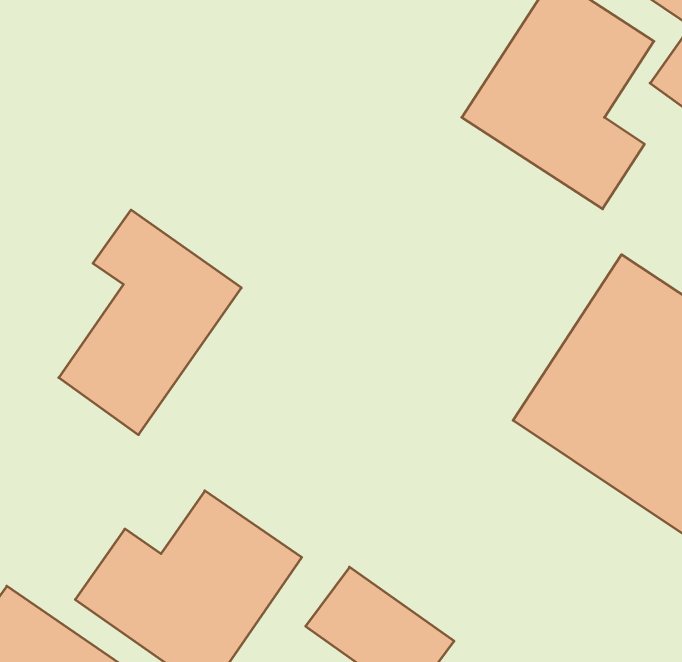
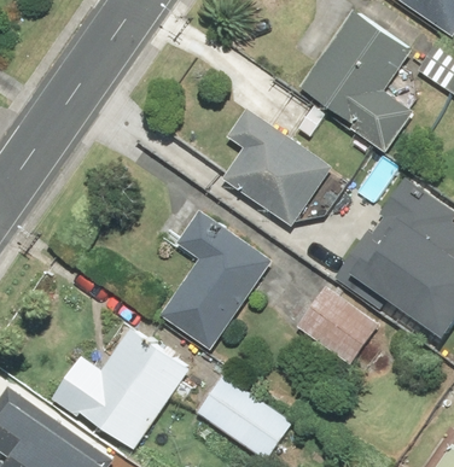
building: none -> [223,110,332,227]
building: [59,210,241,435] -> [159,209,275,351]
building: none -> [291,284,378,369]

